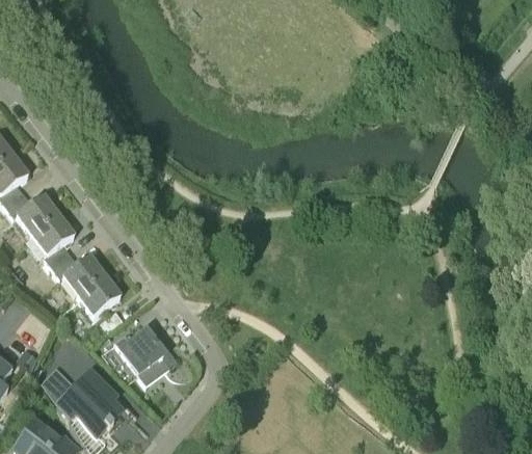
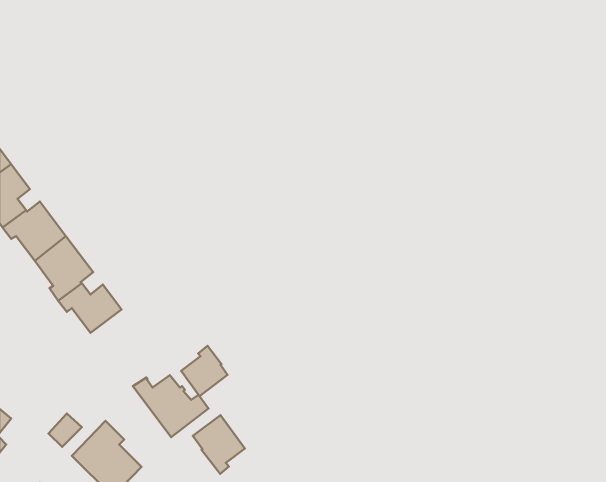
building: [78,275,119,315] -> none
building: none -> [181,346,228,396]
building: none -> [193,415,245,474]

